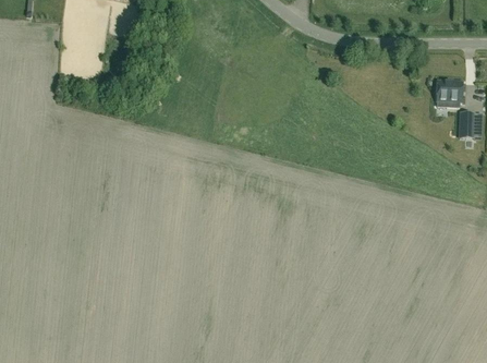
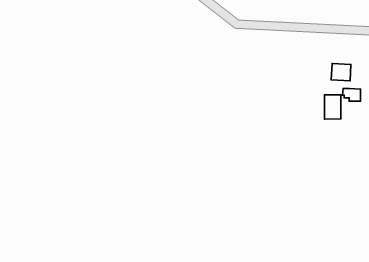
building: none -> [324,95,341,119]

